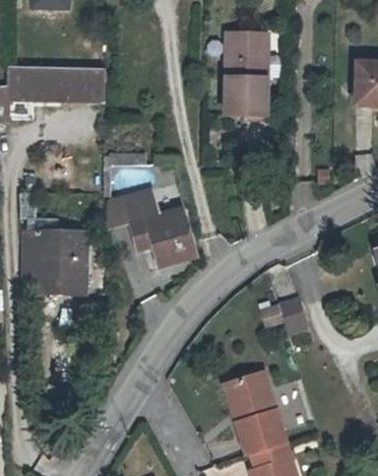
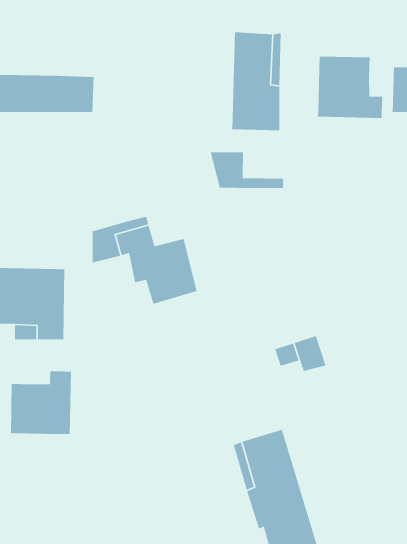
building: none -> [317,56,383,119]
building: none -> [210,152,284,190]
building: none -> [10,370,72,435]

